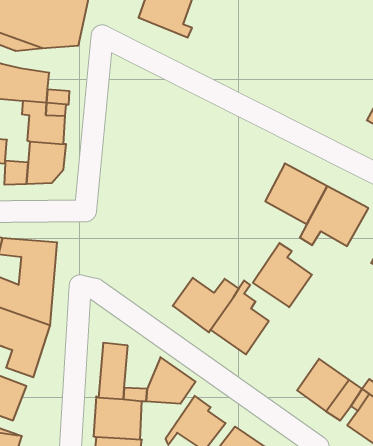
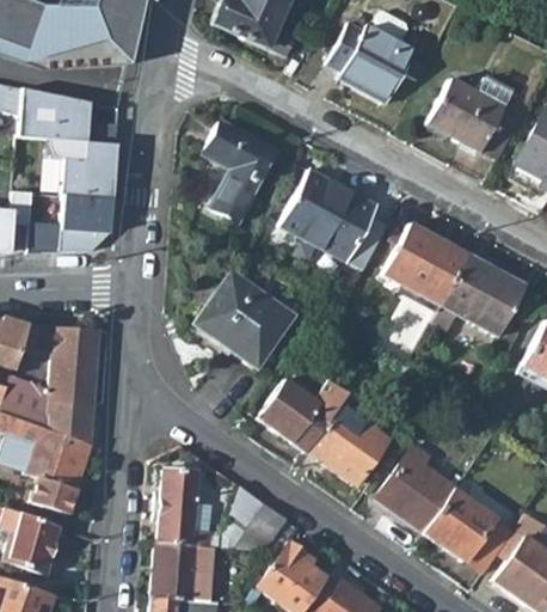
building: none -> [330,25,417,105]
building: none -> [429,76,510,153]
building: none -> [204,123,276,224]
building: none -> [282,171,377,262]
building: none -> [192,274,291,371]
building: [253,243,312,307] -> [377,445,457,532]

